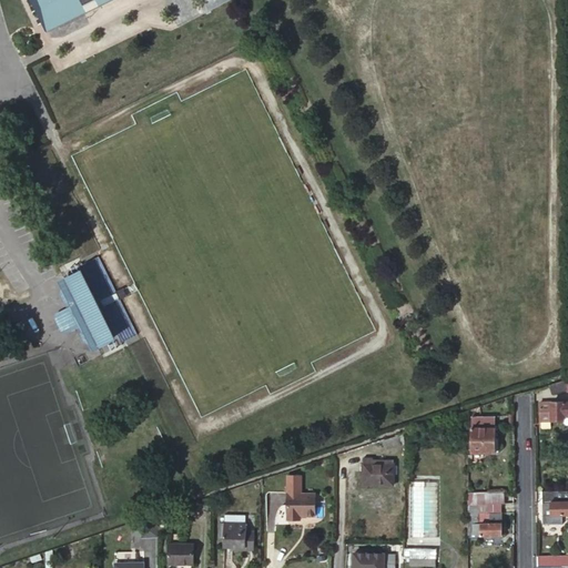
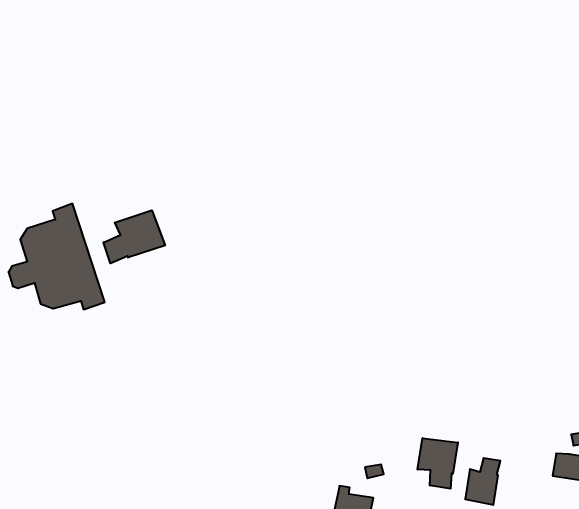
building: none -> [103,210,165,263]
building: none -> [418,438,458,489]

